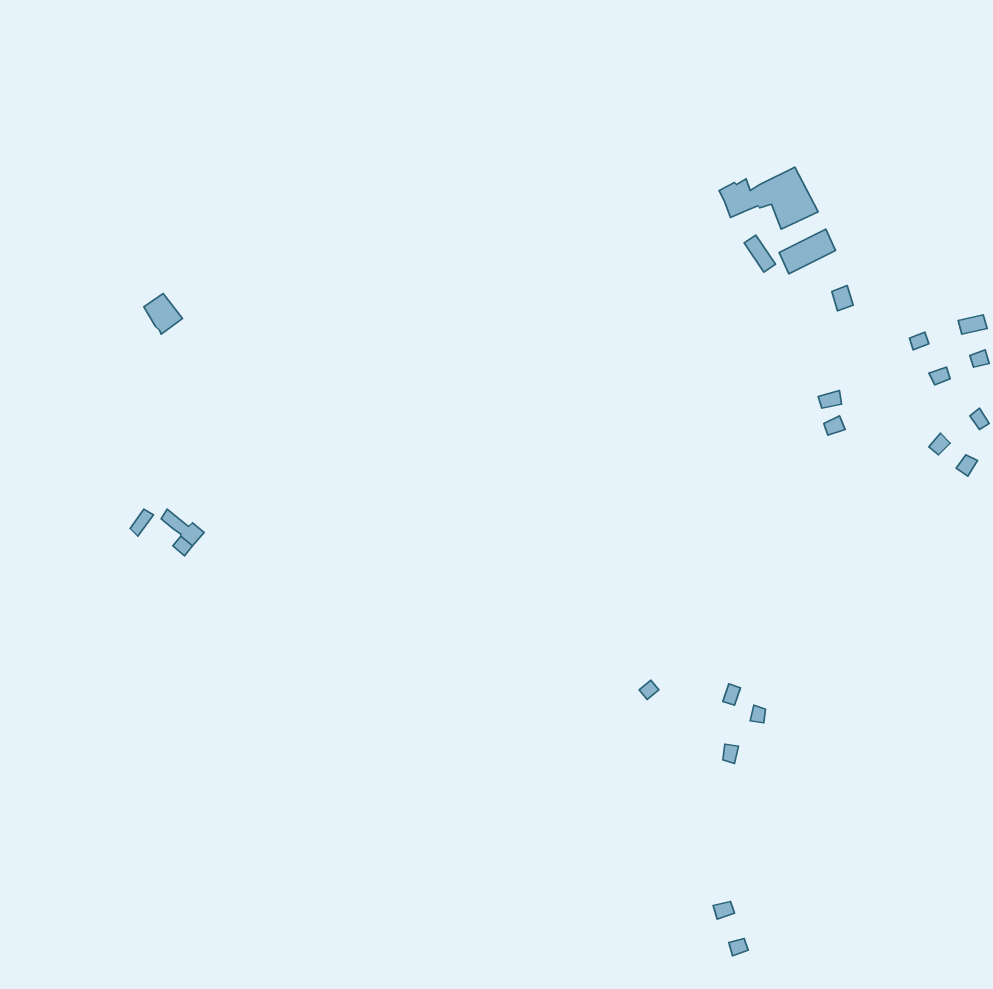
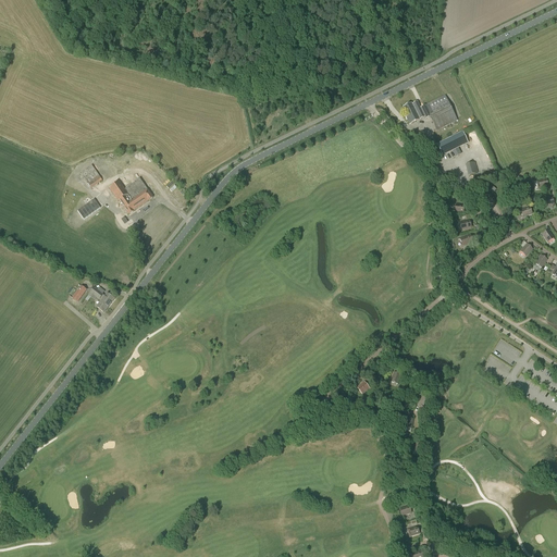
building: none -> [110,177,152,212]

